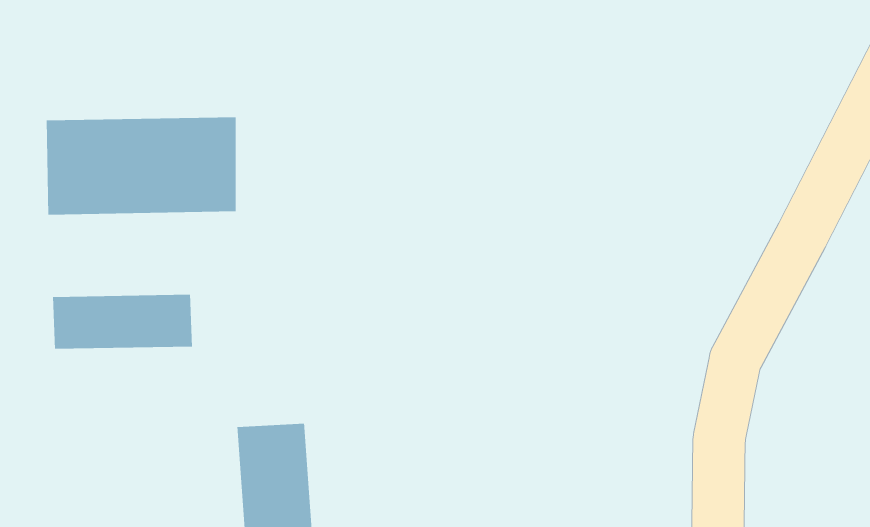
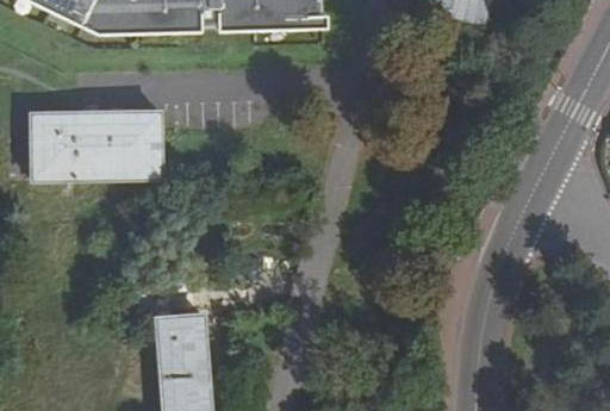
building: [52,294,193,350] -> none

